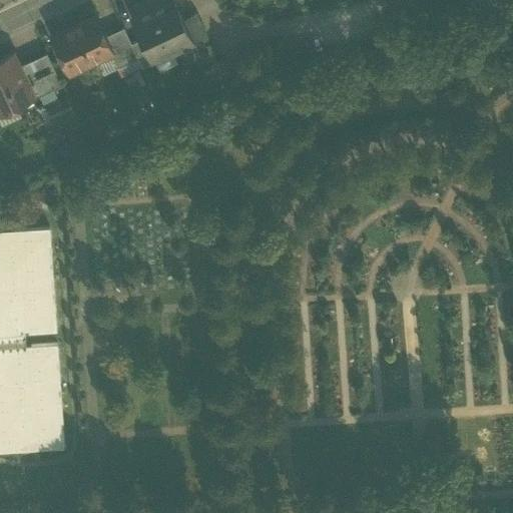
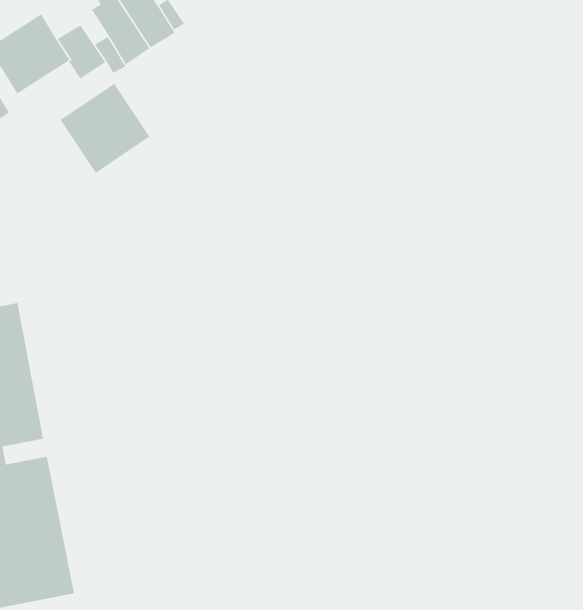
building: none -> [60,83,150,174]

